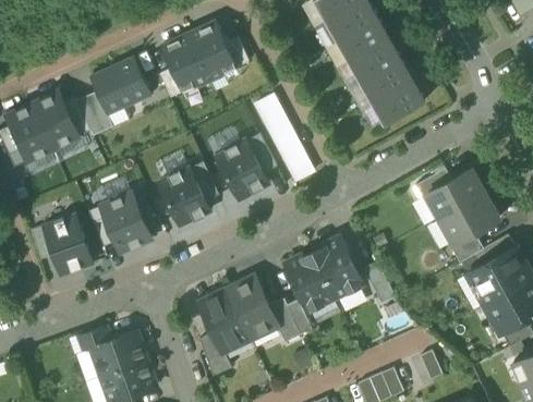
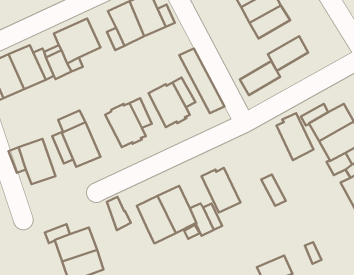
building: [359,59,412,103] -> [240,61,280,95]
building: [313,236,362,299] -> [276,113,314,160]
building: [198,333,230,377] -> [107,197,131,230]

